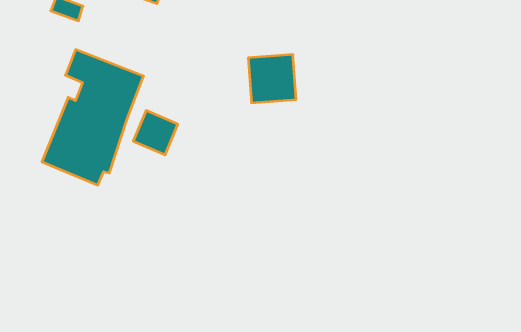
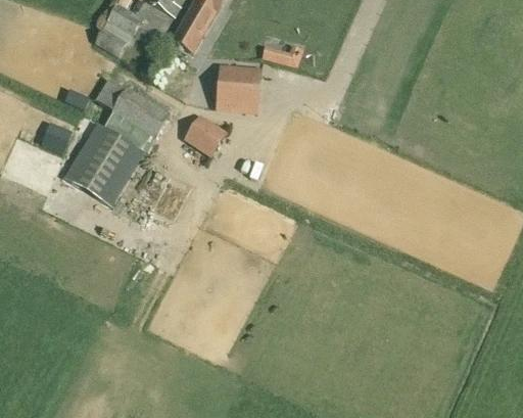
building: [248,55,296,103] -> [217,65,262,110]
building: [133,111,178,155] -> [183,113,226,156]

